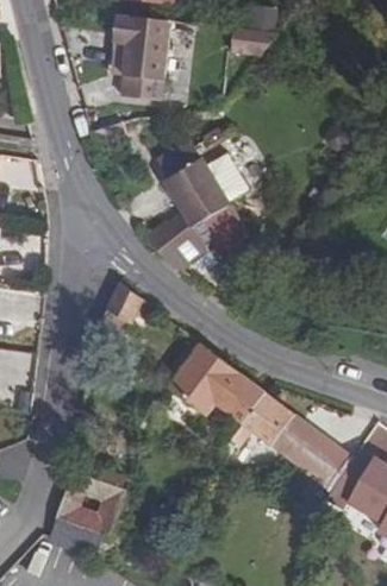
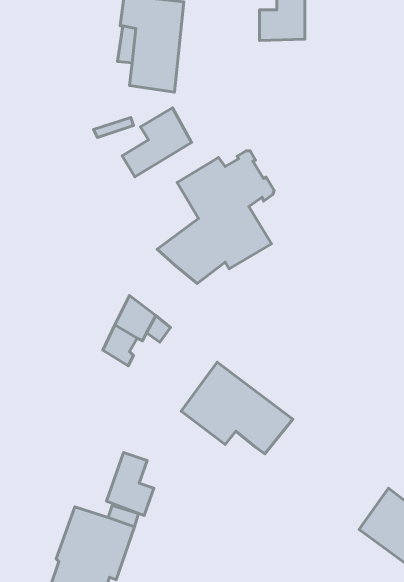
building: none -> [122,108,192,177]
building: [221,392,351,487] -> none
building: none -> [107,452,154,516]

